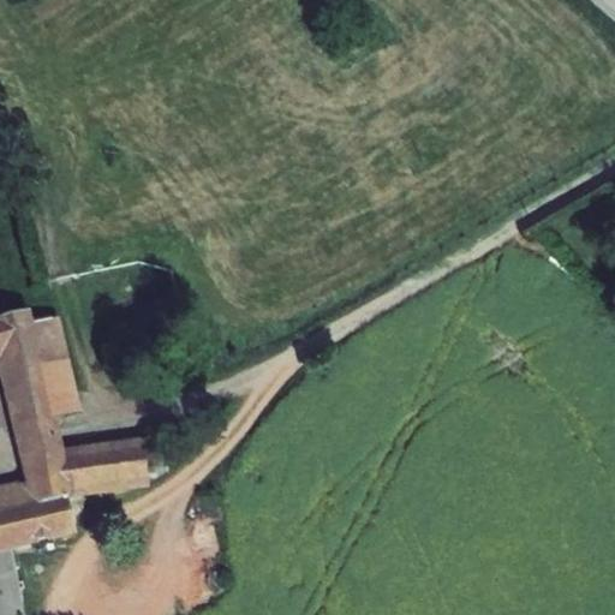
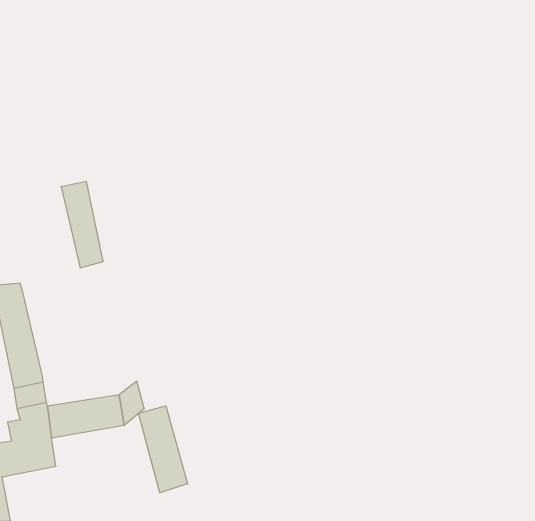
building: [26,329,74,428] -> [61,181,103,268]
building: none -> [138,406,188,493]

